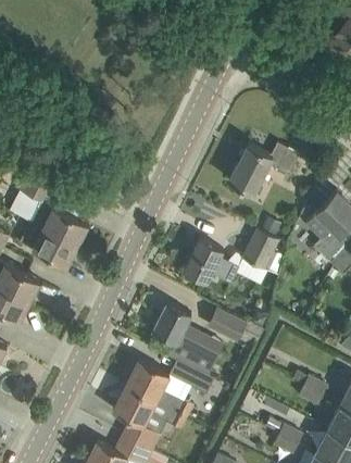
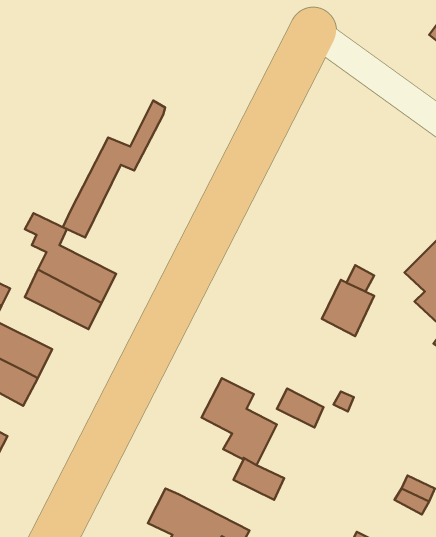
building: none -> [63,101,165,237]
building: [228,143,299,195] -> none
building: [184,239,239,283] -> none
building: [125,360,193,417] -> none

